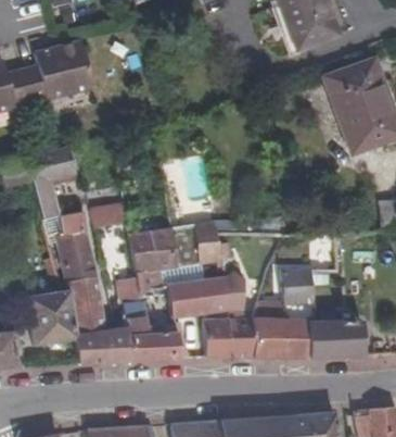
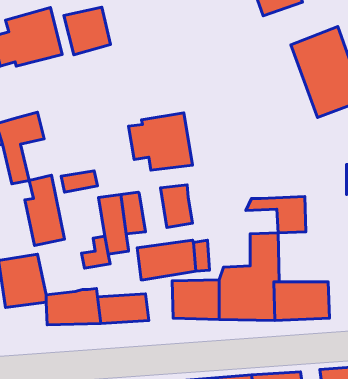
building: none -> [64,7,110,55]
building: none -> [128,113,192,170]
building: [65,276,106,333] -> none

